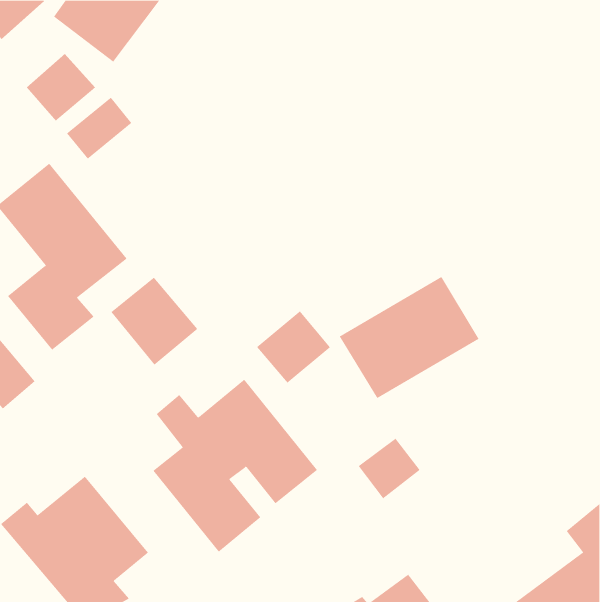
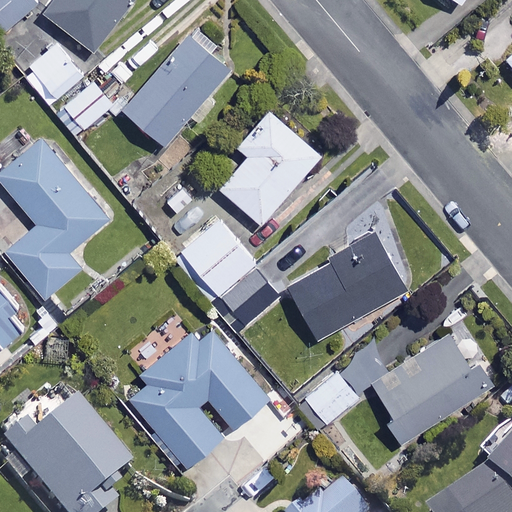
building: none -> [122,28,230,147]
building: none -> [219,111,320,225]
building: [111,277,198,365] -> [180,220,254,295]
building: none -> [371,330,491,439]

